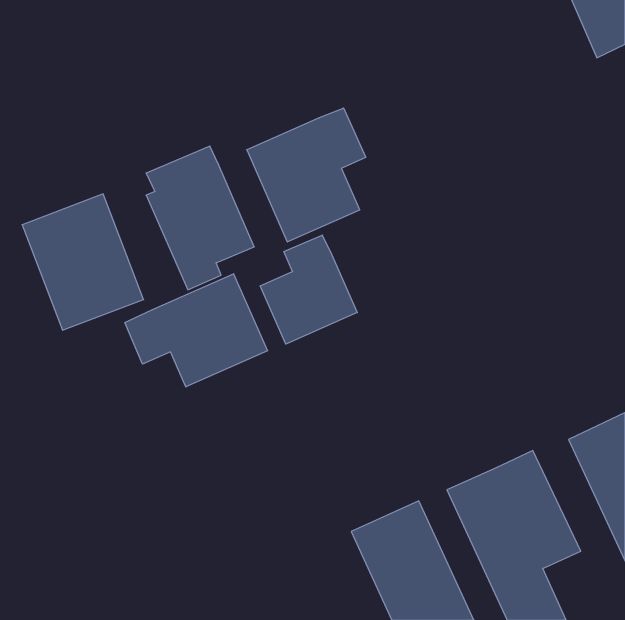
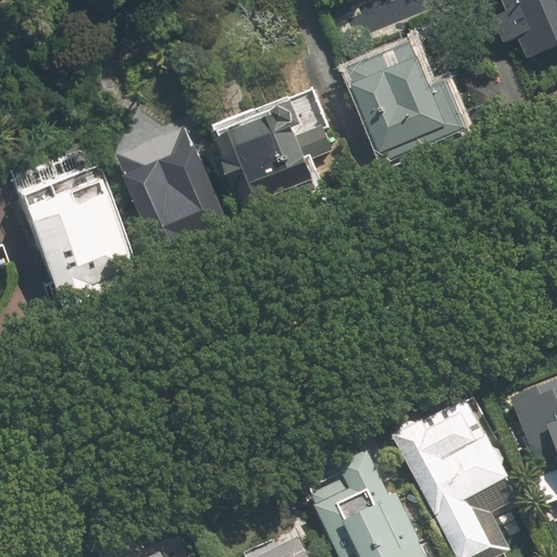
building: none -> [349,40,465,156]
building: [260,235,357,344] -> none
building: [125,274,268,387] -> none

